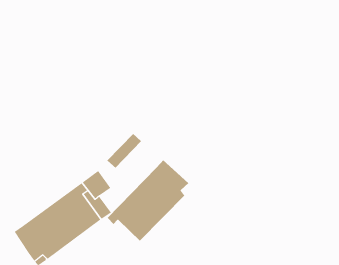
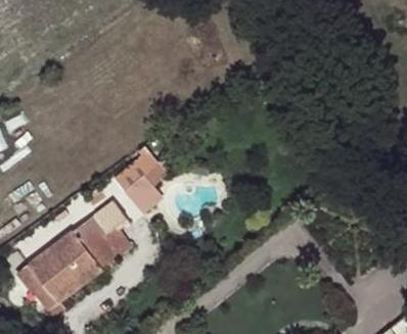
building: [107,160,189,241] -> none

